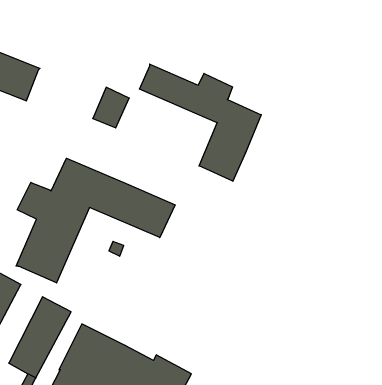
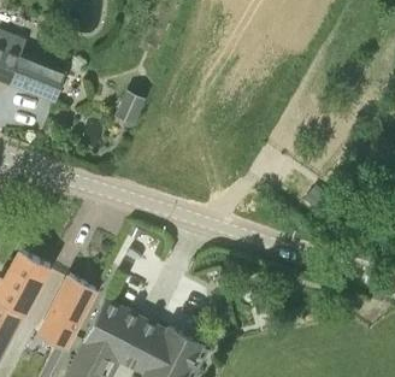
building: [140,64,261,181] -> none
building: [16,158,175,283] -> none

